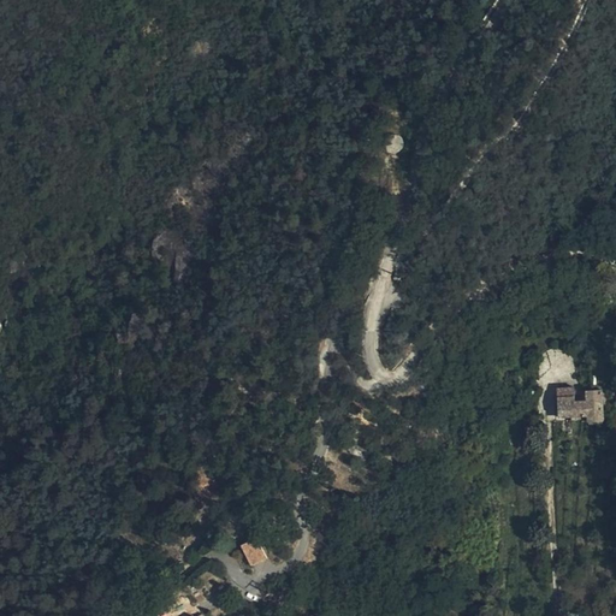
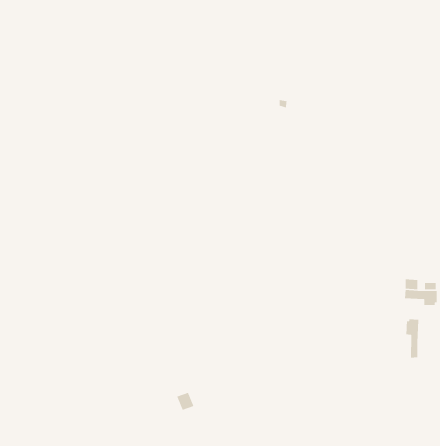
building: none -> [406,318,419,358]

